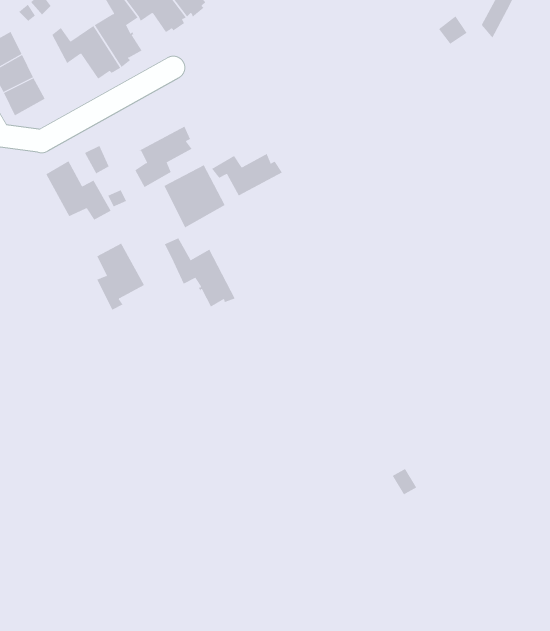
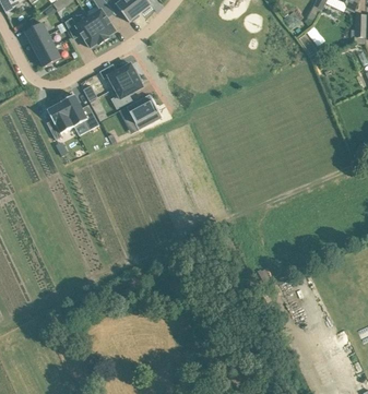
building: [211,153,283,204] -> [98,62,139,91]
building: [164,237,236,308] -> none
building: [96,243,145,310] -> [46,100,73,139]

